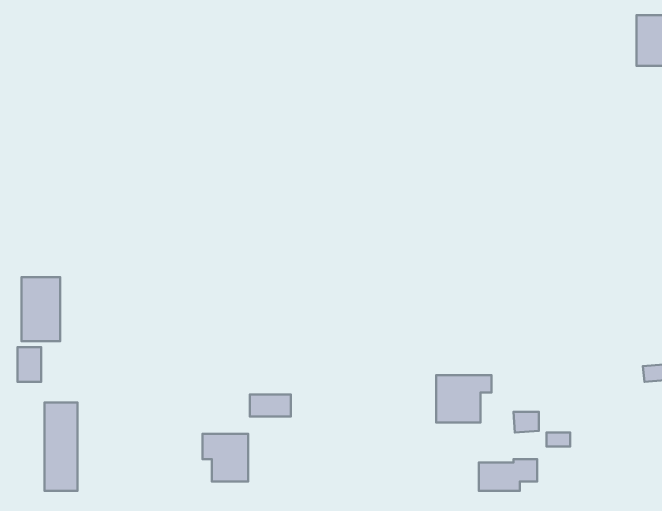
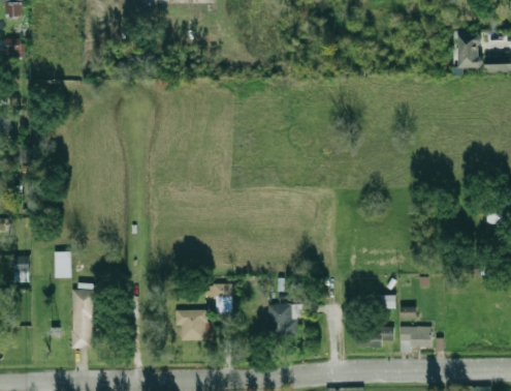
building: [21,277,60,341] -> none
building: [436,375,491,423] -> [266,304,302,335]
building: none -> [400,326,430,350]

